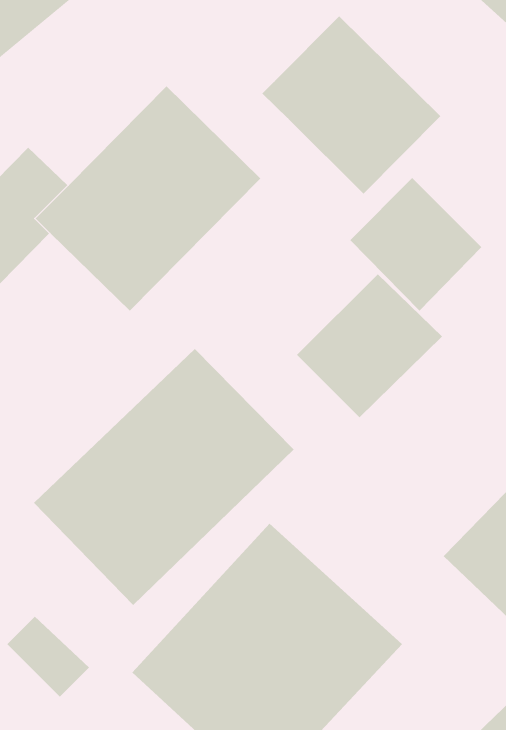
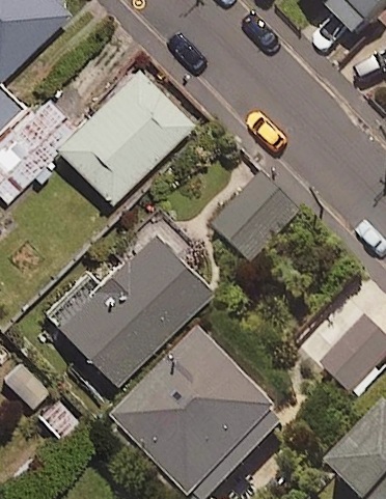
building: [261,15,441,194] -> none
building: [349,177,482,312] -> none

